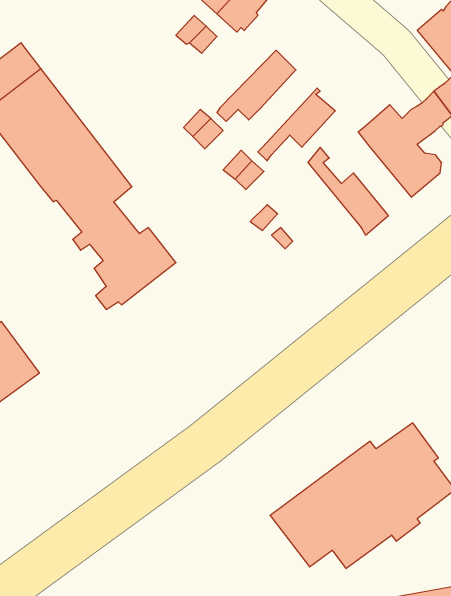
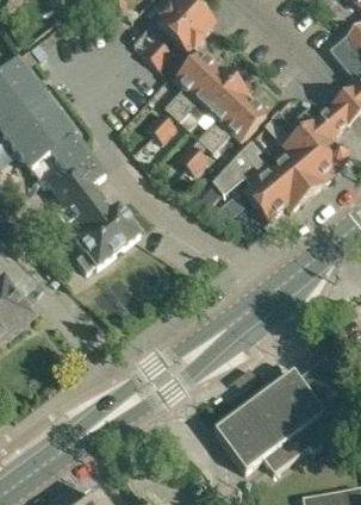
building: none -> [164,50,218,112]
building: none -> [197,79,250,143]
building: none -> [264,116,324,193]
building: none -> [213,151,285,217]

